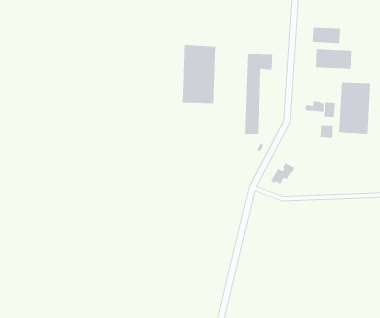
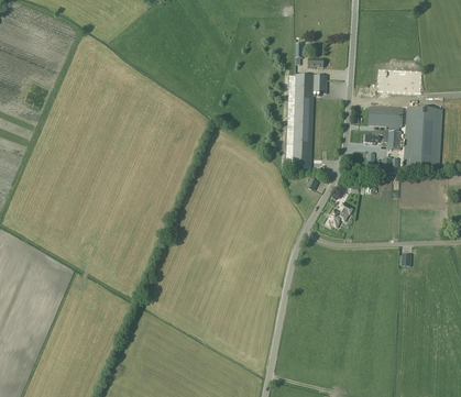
building: [312,27,341,44] -> [369,107,403,126]
building: [182,44,216,104] -> none

